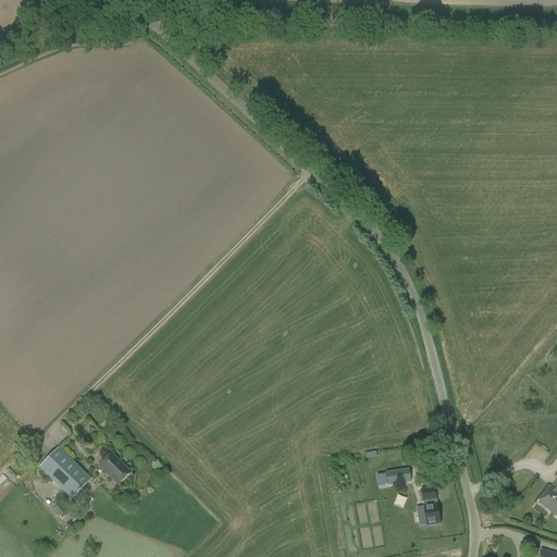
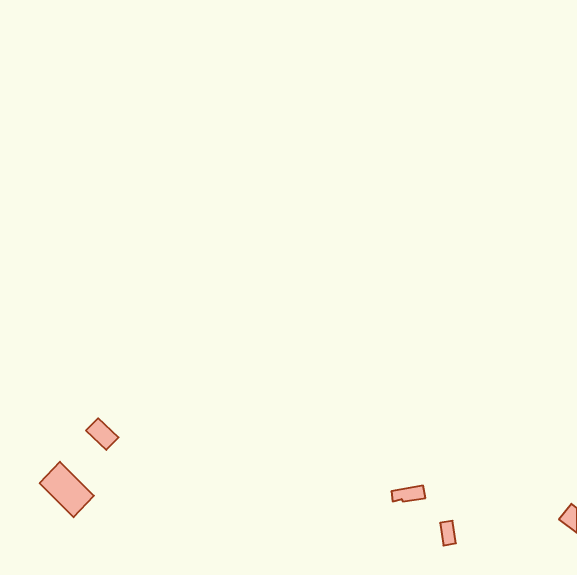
building: [98,451,129,482] -> [86,418,119,450]

